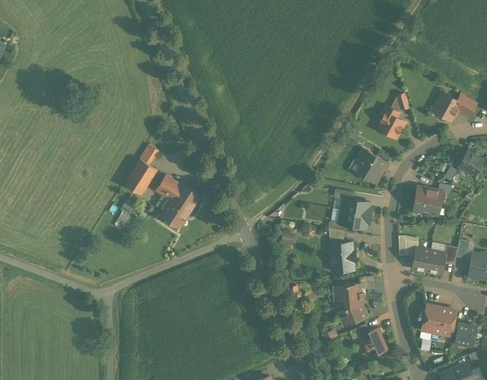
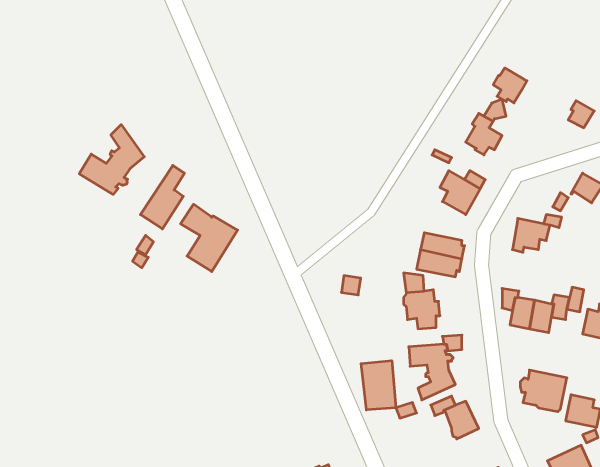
building: [434,92,460,120] -> [493,68,527,103]
building: none -> [79,125,144,194]
building: none -> [361,361,396,410]

